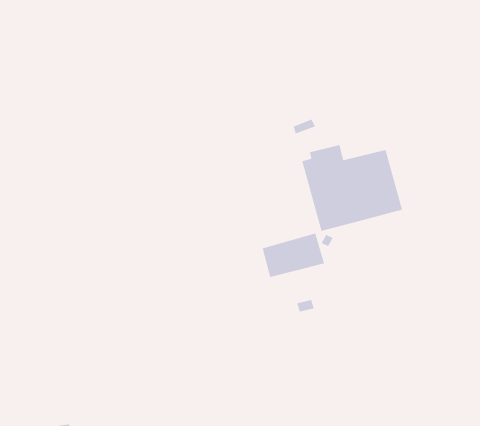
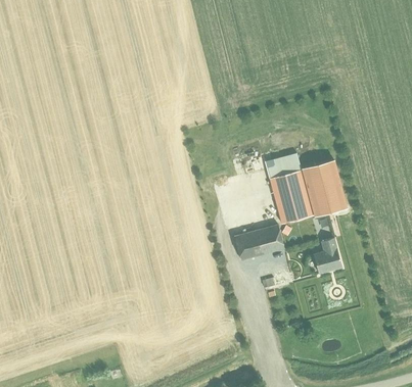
building: none -> [312,238,340,273]

